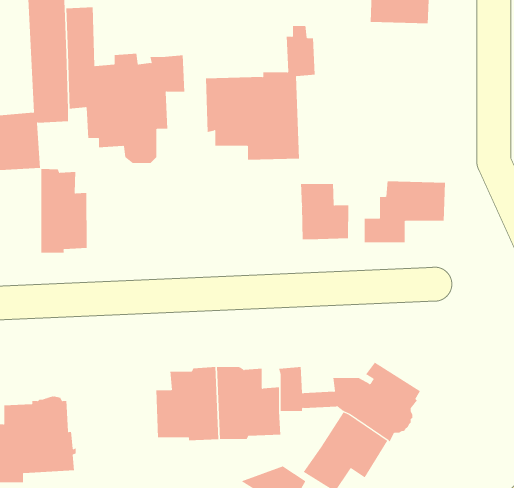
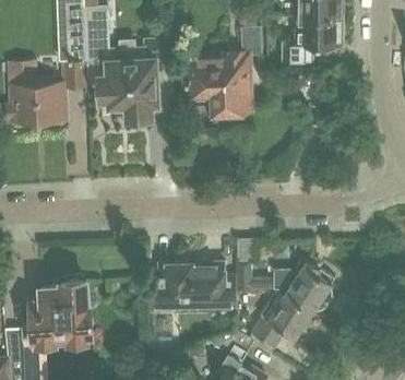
building: [41,168,87,254] -> none
building: [364,181,446,243] -> [283,17,341,61]
building: [301,183,349,240] -> none

